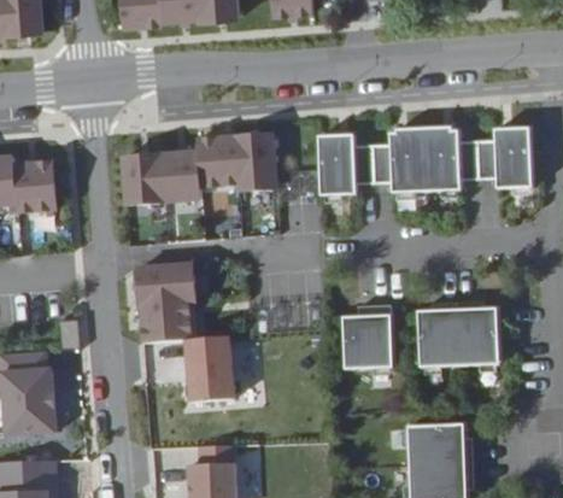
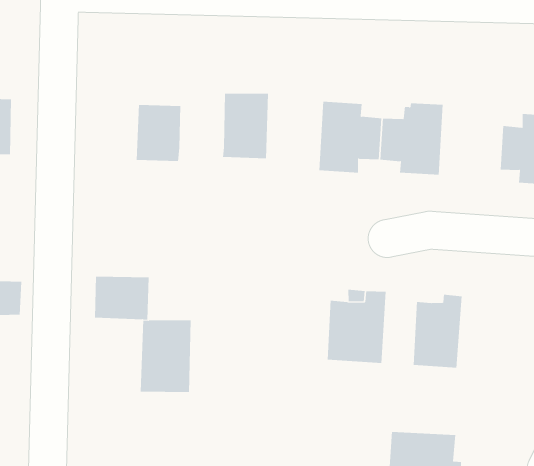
building: [424,130,479,194] -> none
building: [197,140,237,191] -> none
building: [122,157,163,207] -> none
building: [135,266,194,309] -> none
building: [457,294,499,358] -> none

